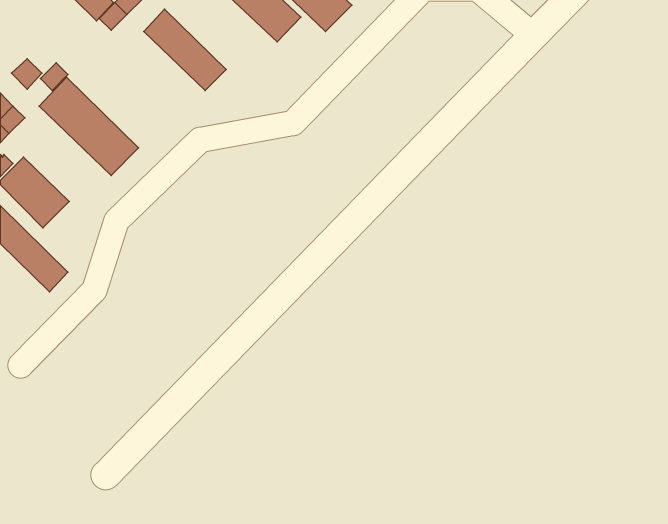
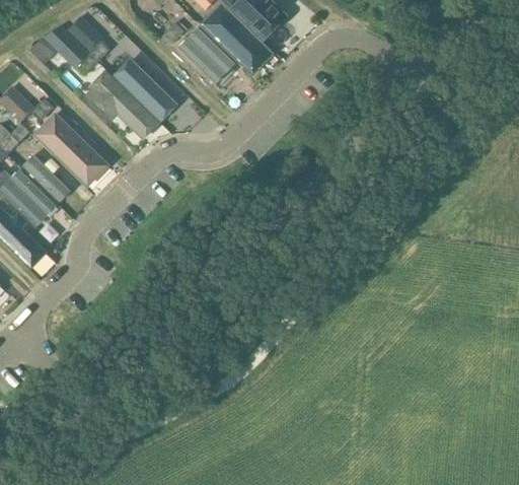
building: none -> [87,68,156,137]
building: none -> [20,153,70,203]

